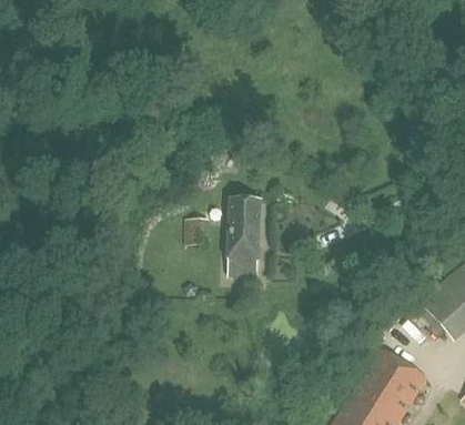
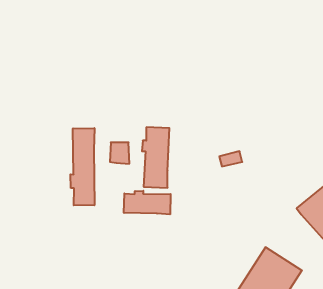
building: none -> [70,128,94,205]
building: none -> [124,191,171,214]

